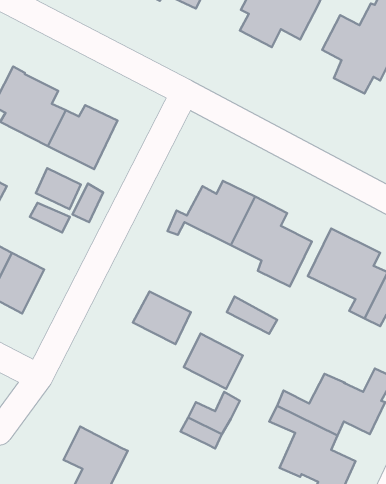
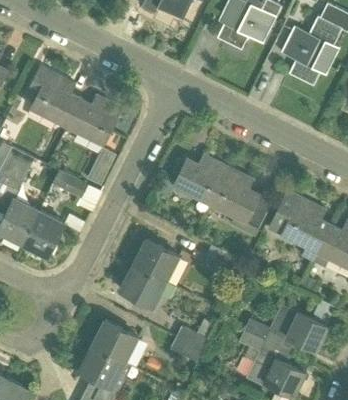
building: [36,168,81,209] -> none
building: [184,334,243,389] -> [120,264,166,307]
building: none -> [92,320,137,362]

